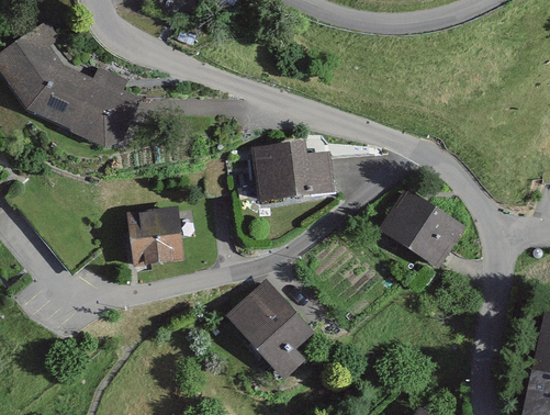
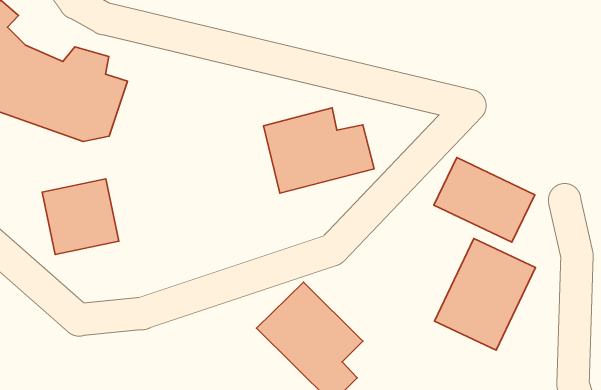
building: [130,208,189,266] -> [42,179,119,255]
building: none -> [434,239,536,350]

